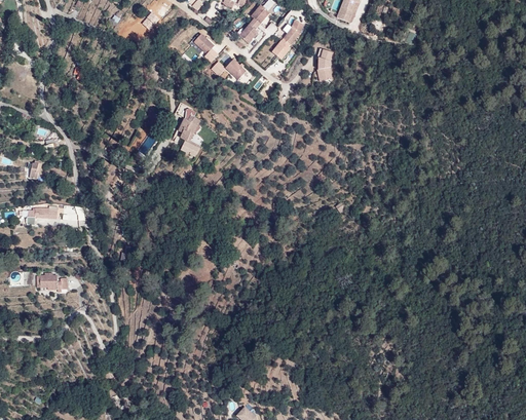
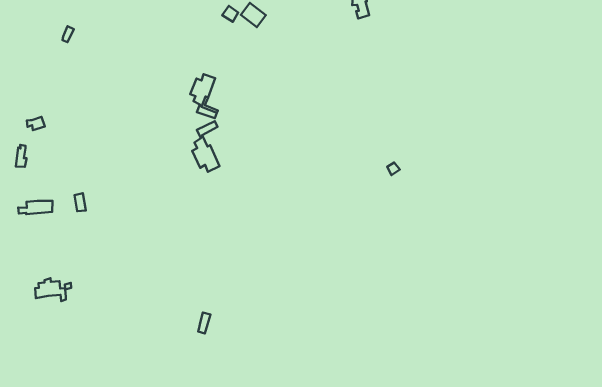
building: none -> [192,121,219,172]

